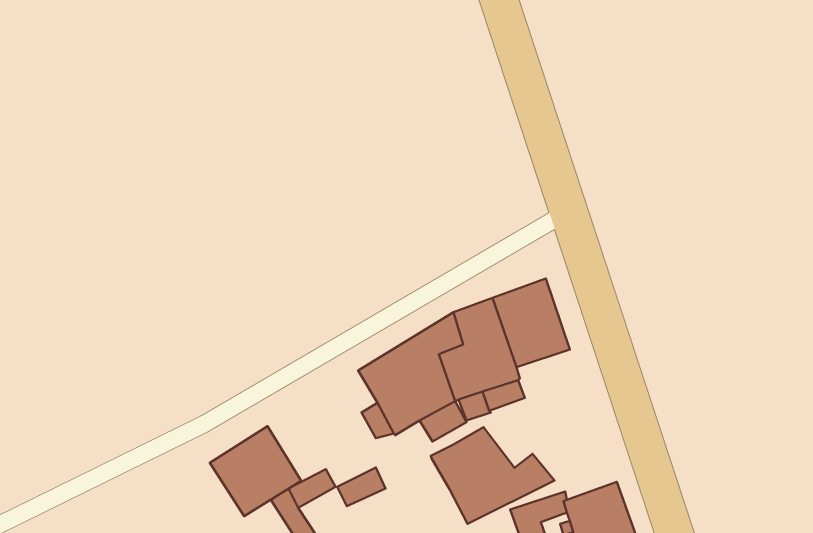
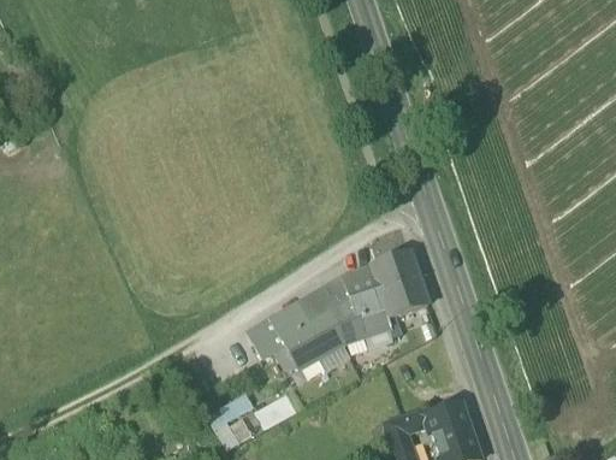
building: none -> [248,318,284,354]
building: [210,426,301,516] -> none
building: [431,427,555,524] -> none

